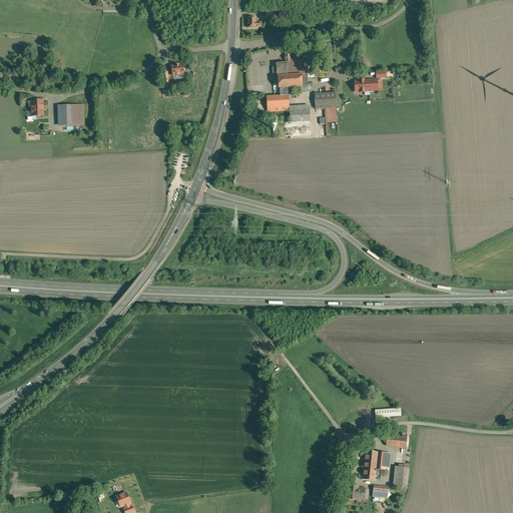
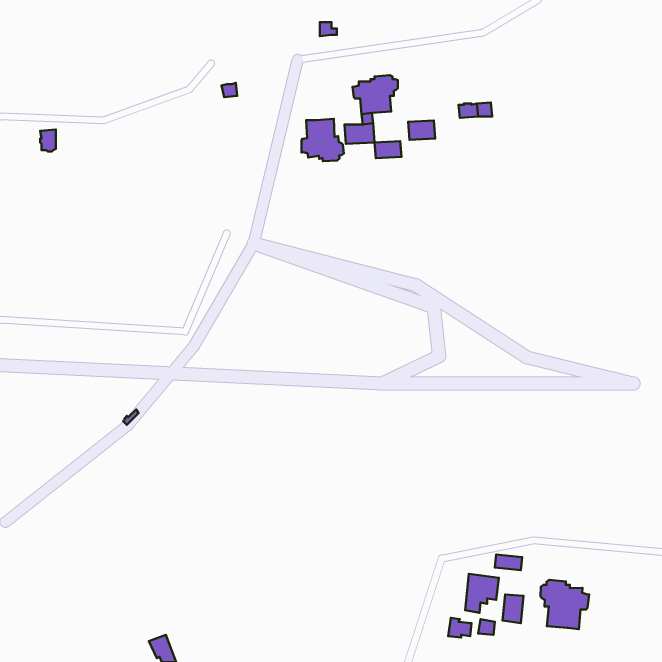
building: none -> [301,119,344,161]
building: [61,105,82,126] -> none
building: none -> [541,580,589,629]

